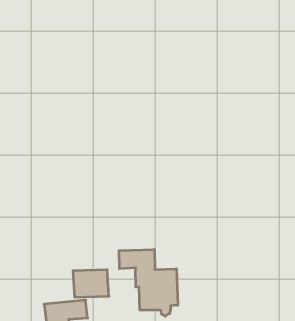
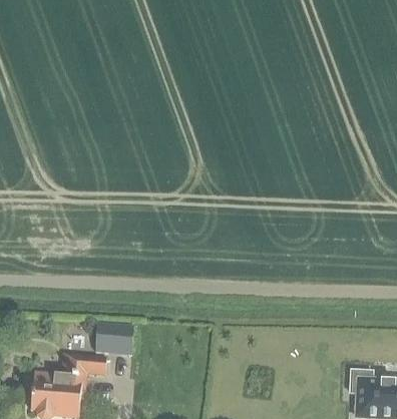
building: [119,249,178,316] -> none

